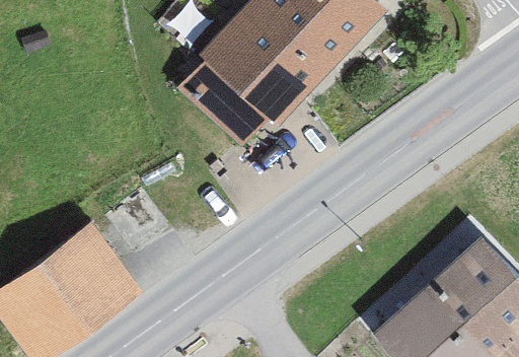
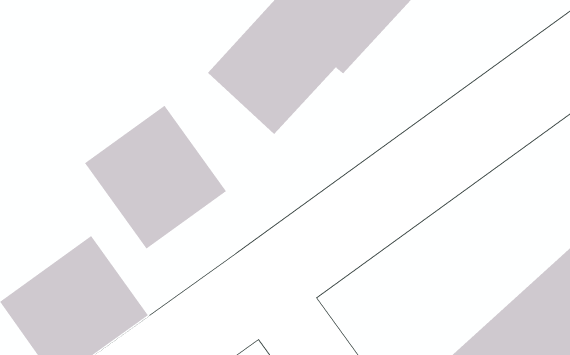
building: none -> [84,105,227,249]

